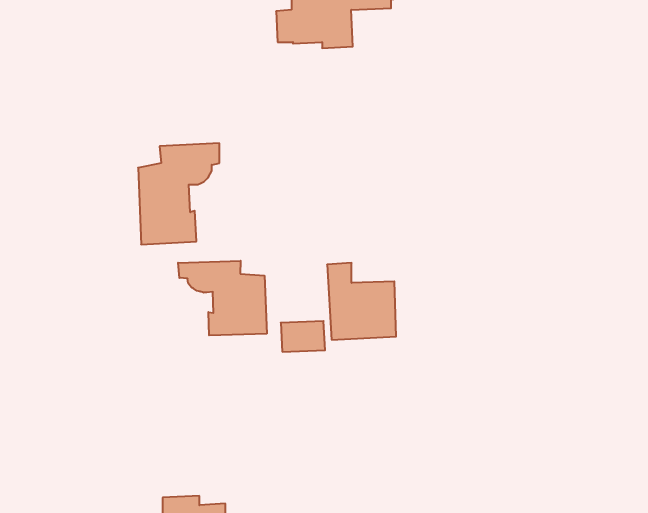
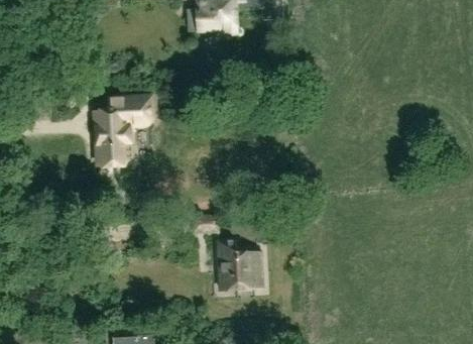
building: [178,261,267,335] -> none
building: [327,263,396,340] -> [217,239,262,290]

